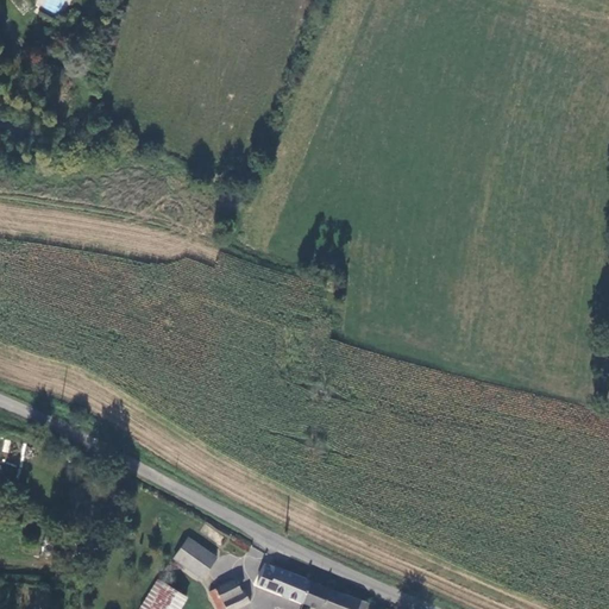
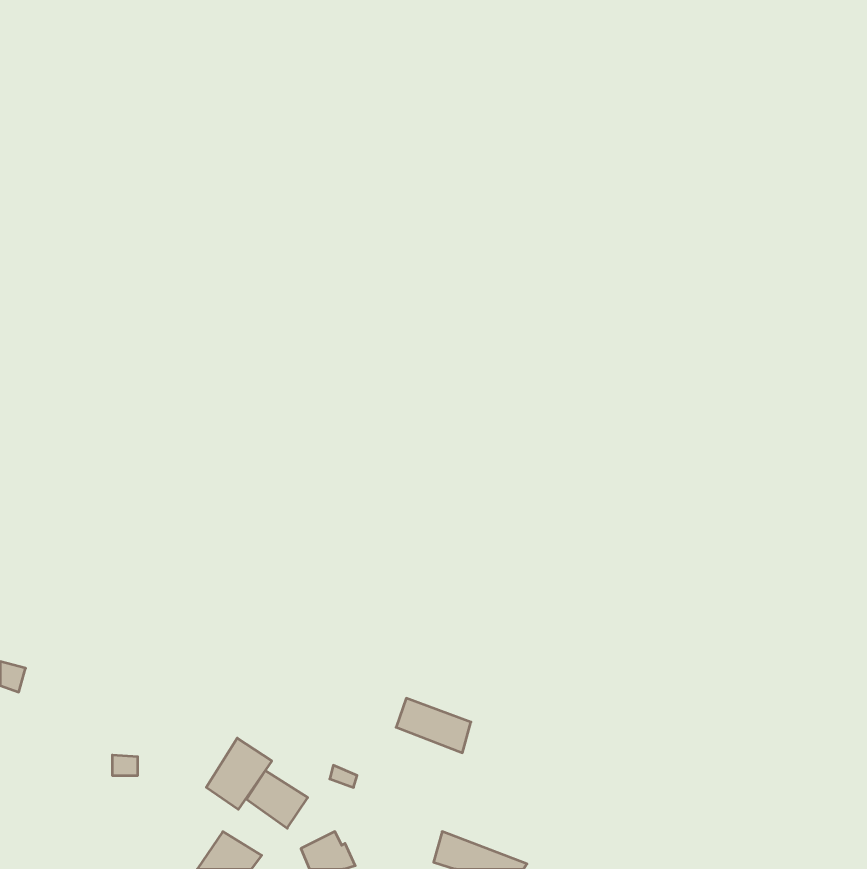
building: none -> [206,738,272,809]
building: [258,565,310,603] -> [396,698,471,753]

